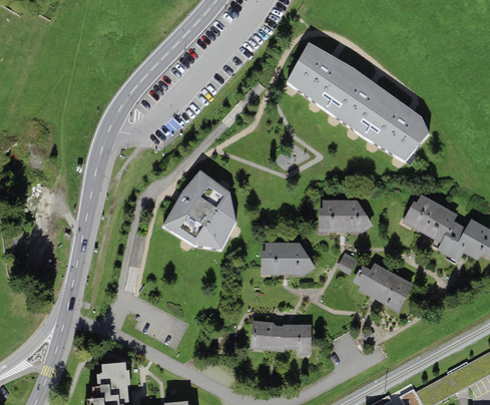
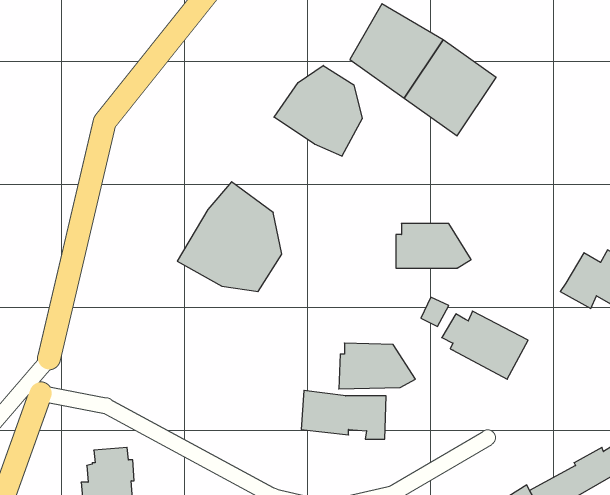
building: none -> [274,65,362,156]
building: [363,94,429,160] -> none
building: [402,193,458,243] -> none
building: [261,242,316,275] -> [339,343,415,389]

